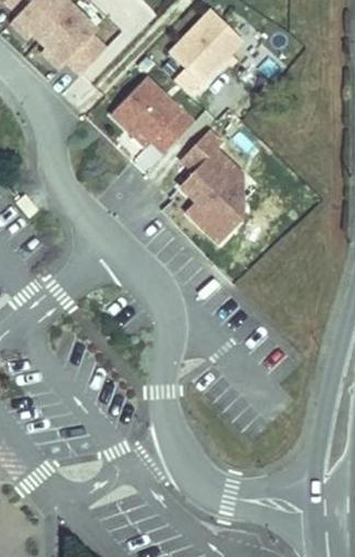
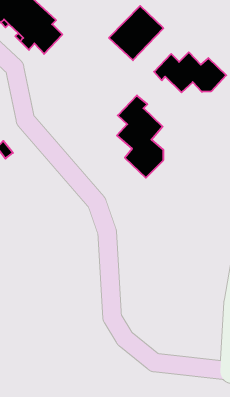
building: none -> [154,52,226,92]
building: [98,74,193,156] -> none

